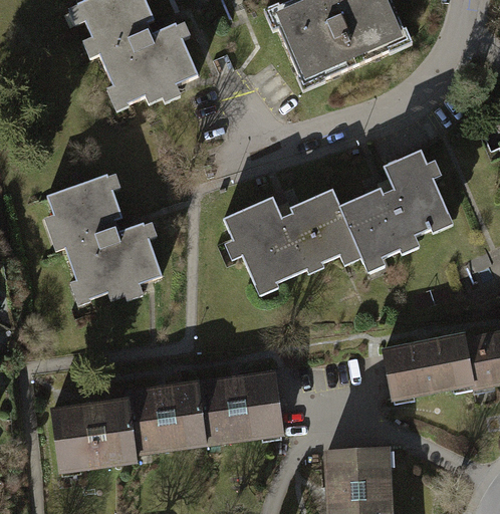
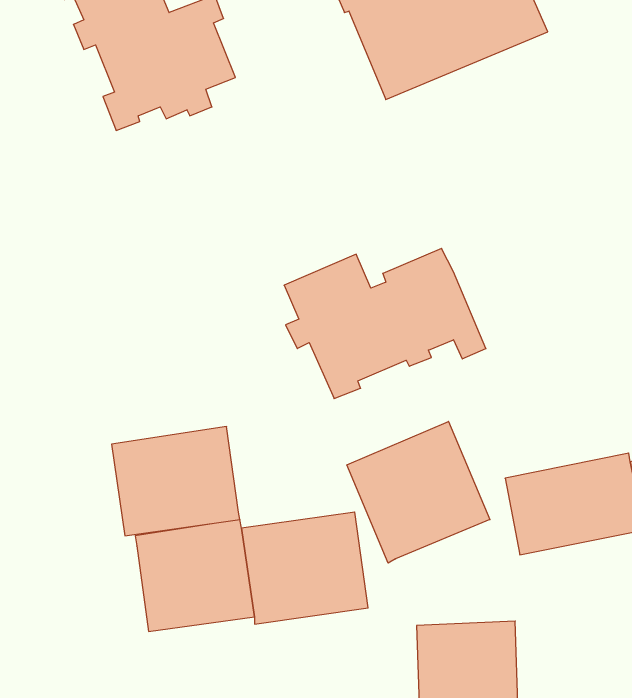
building: [343,153,459,268] -> none
building: [45,173,160,304] -> none
building: none -> [347,421,490,563]
building: [49,395,137,469] -> [112,427,240,536]

